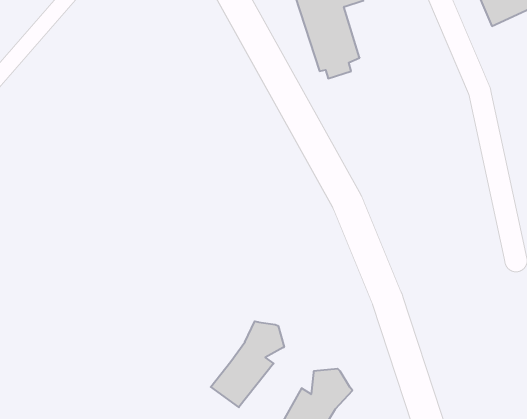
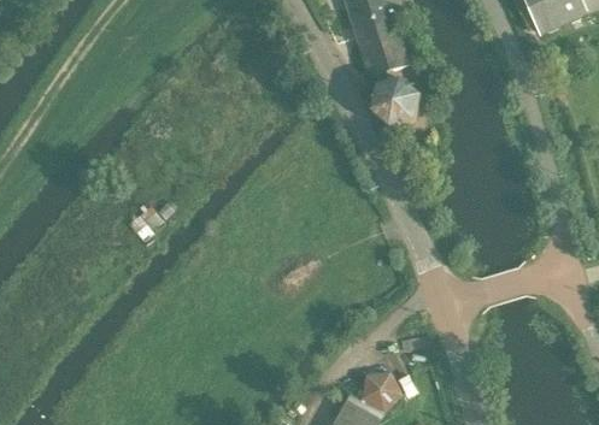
building: none -> [370,77,417,126]
building: [211,321,284,407] -> none

